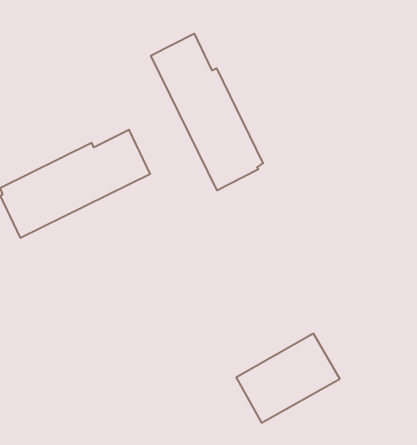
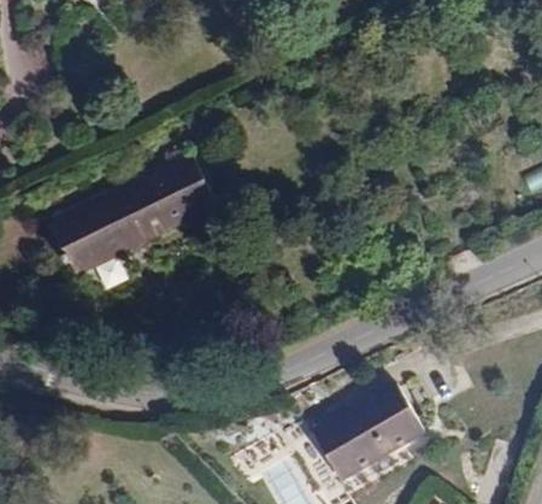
building: [151,34,263,190] -> none

